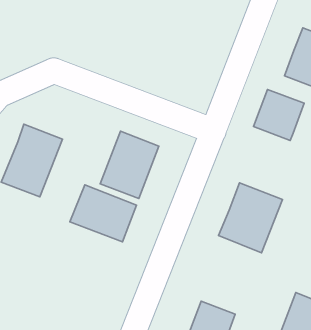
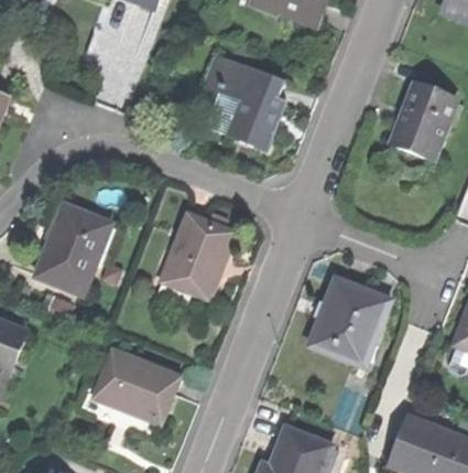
building: none -> [207,55,285,150]
building: [254,89,304,140] -> none
building: [70,185,137,242] -> [95,351,178,422]

